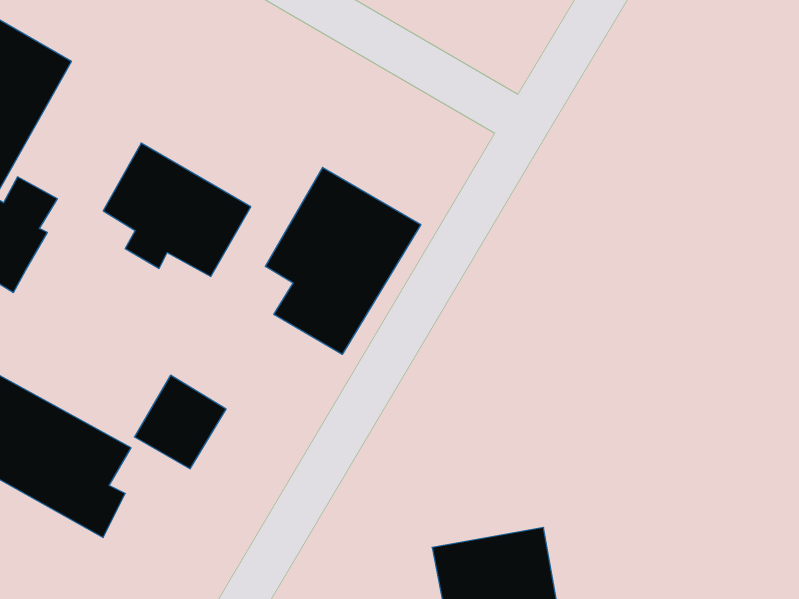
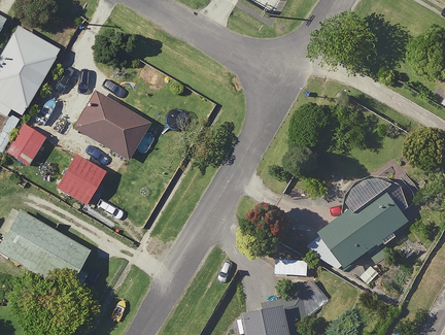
building: [265,167,421,354] -> none
building: none -> [309,163,418,273]
building: [134,375,226,469] -> [56,156,103,204]

